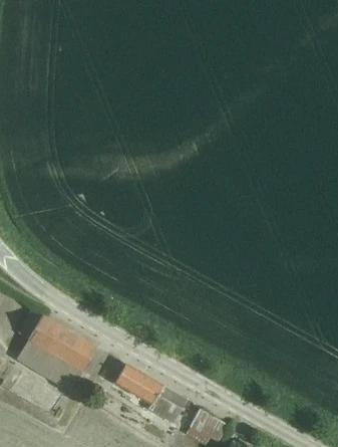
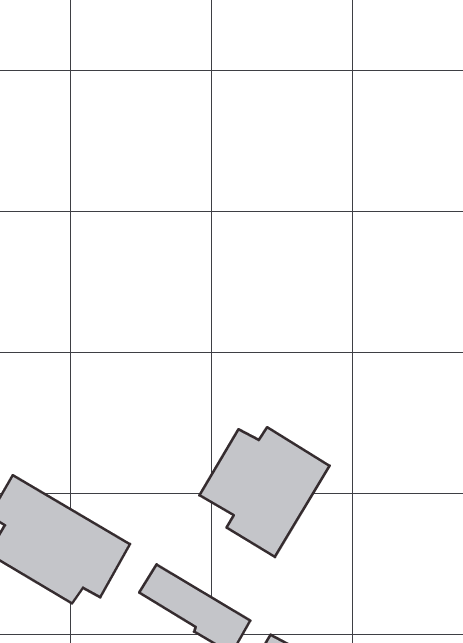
building: none -> [199,427,330,557]

